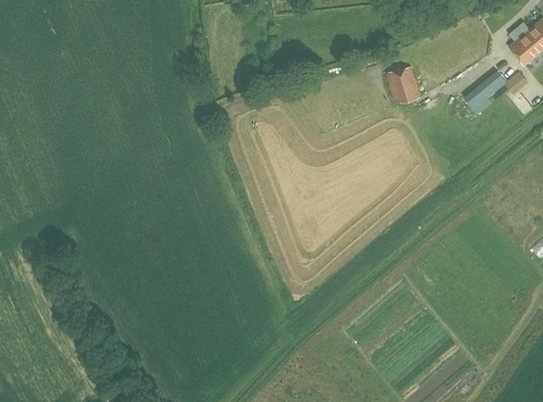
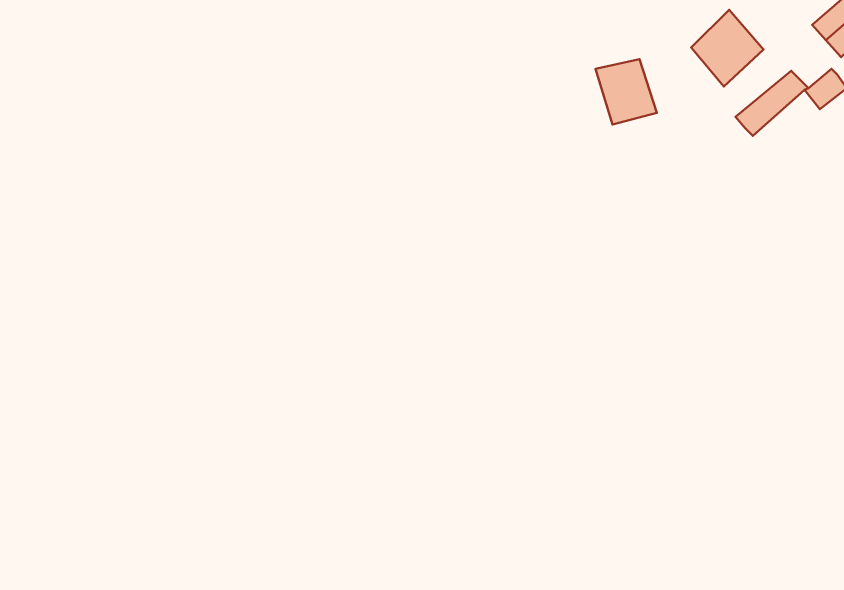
building: none -> [691,10,764,86]

